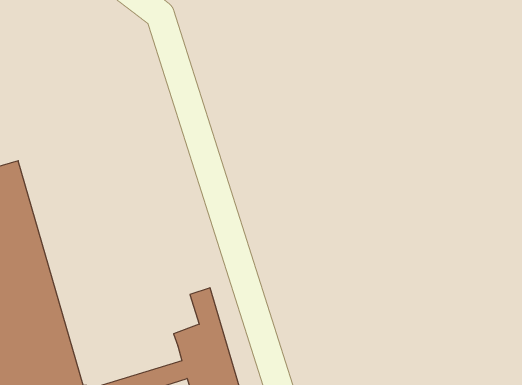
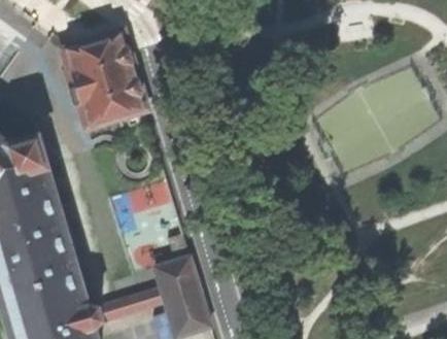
building: none -> [66,30,146,127]

